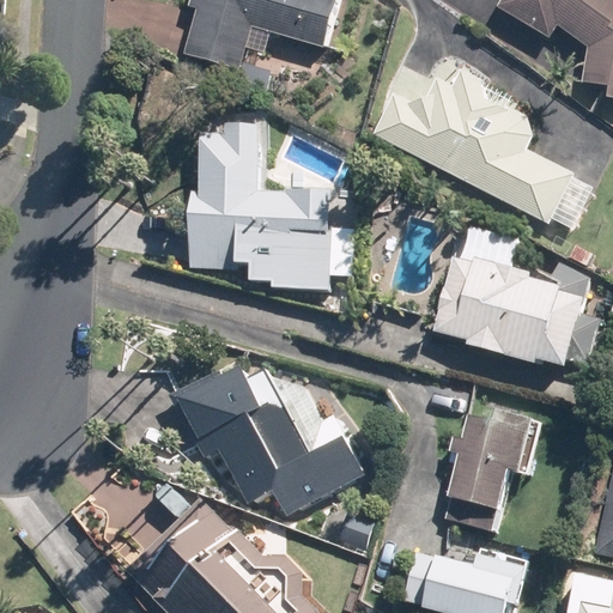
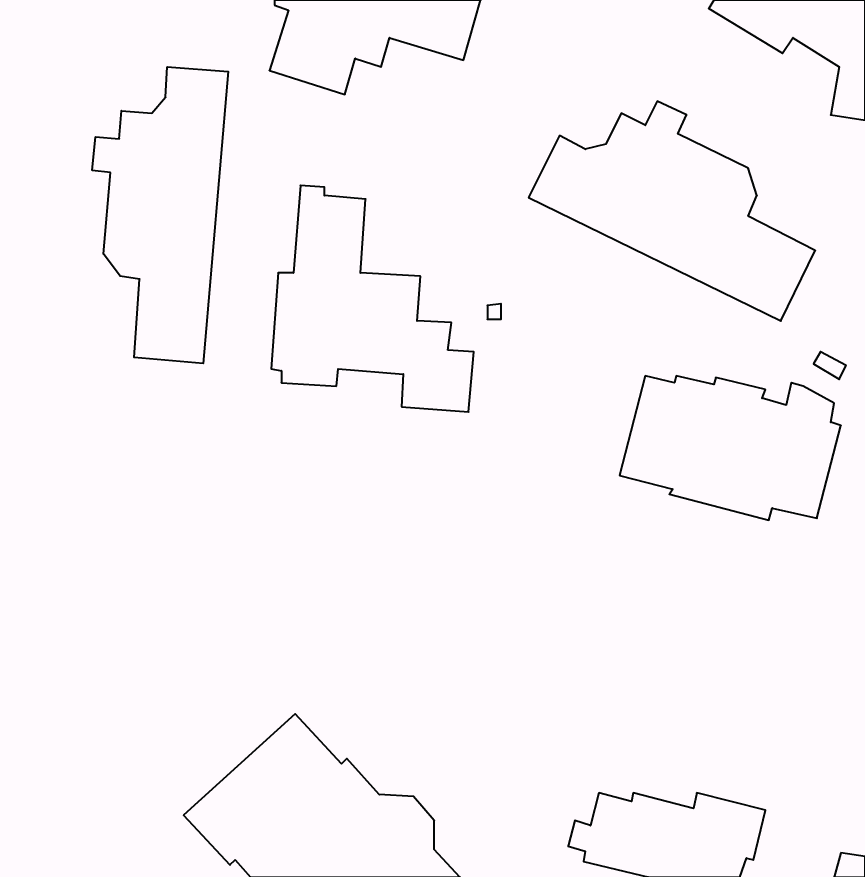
building: none -> [92,67,228,363]
building: [183,363,369,511] -> none
building: [442,409,536,532] -> none

